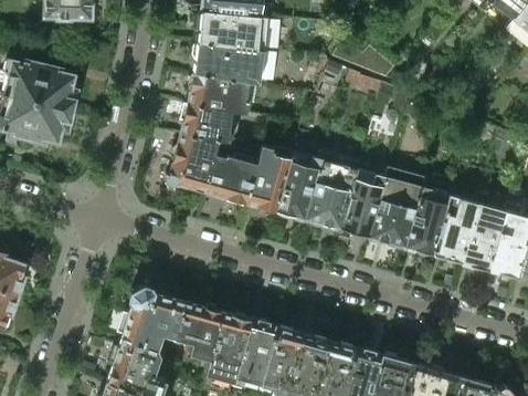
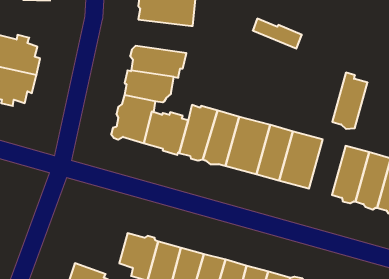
building: [193,42,262,83] -> none
building: [405,188,448,257] -> [332,73,368,129]
building: [120,286,184,352] -> none

